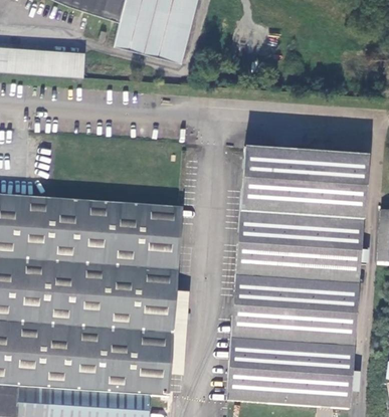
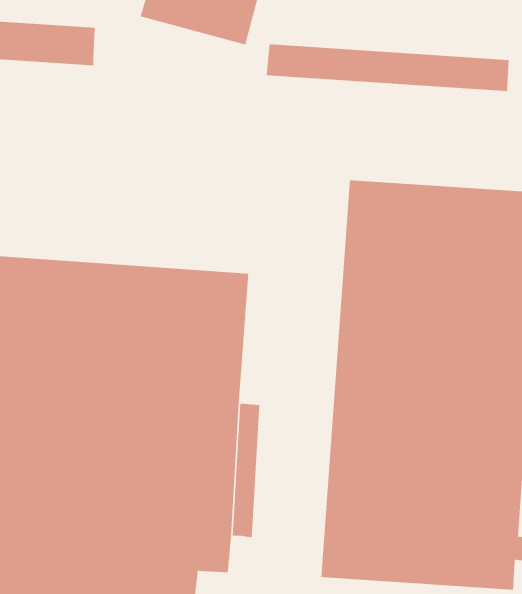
building: none -> [266,43,509,92]

